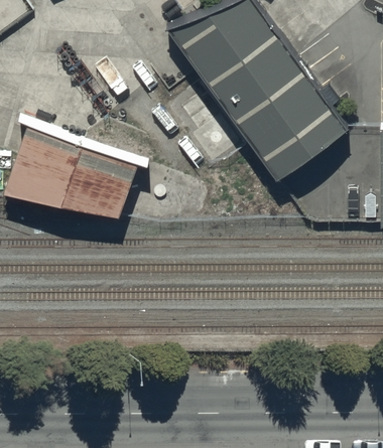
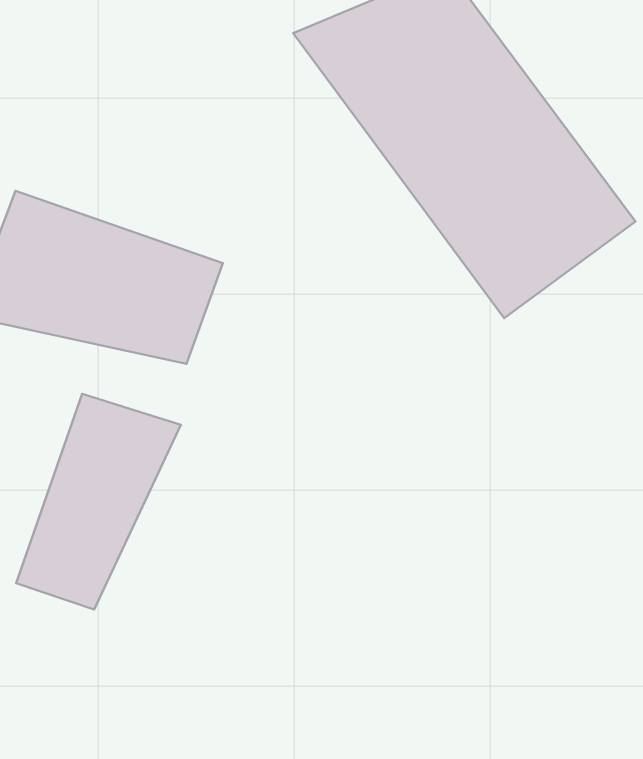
building: none -> [16,394,181,609]

